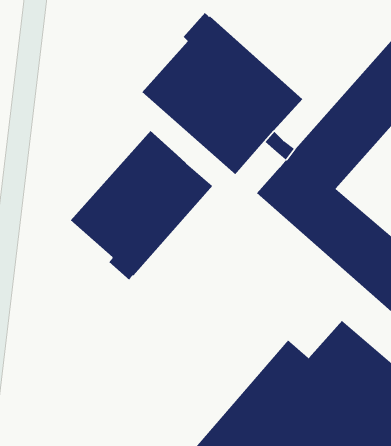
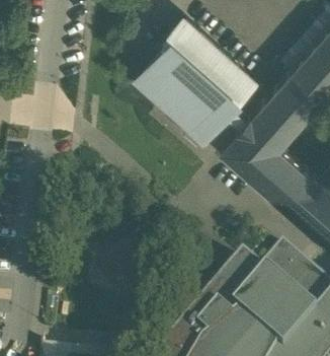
building: [70,130,213,281] -> none

